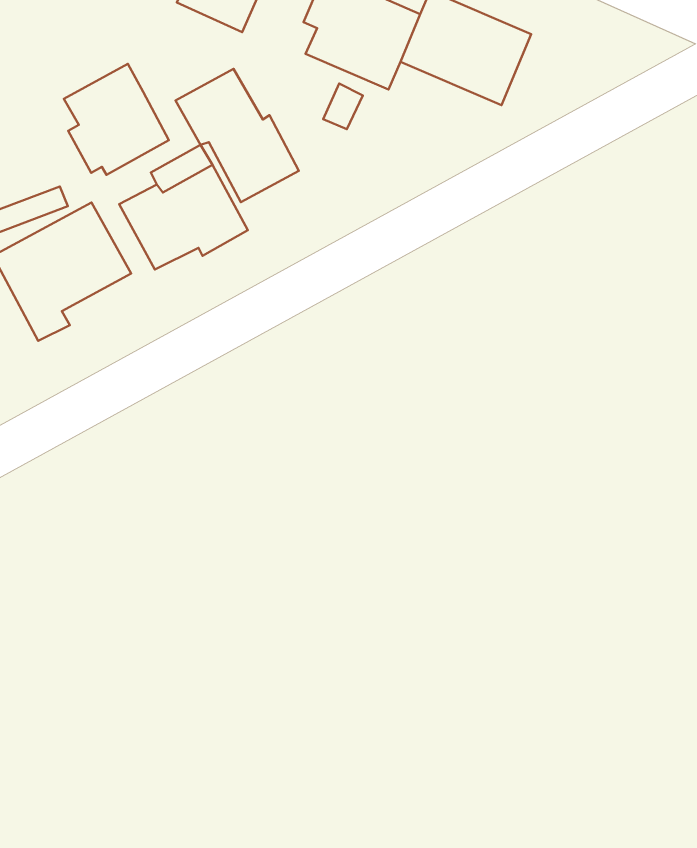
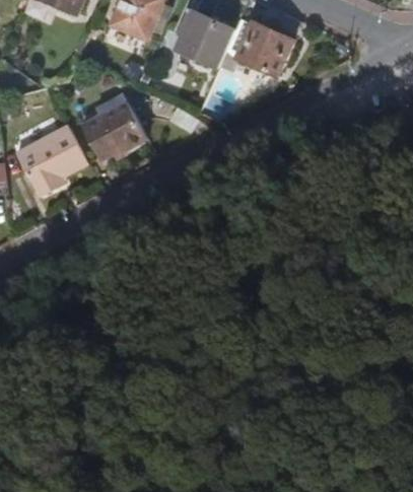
building: [64,64,169,175] -> none
building: [176,69,299,202] -> none

